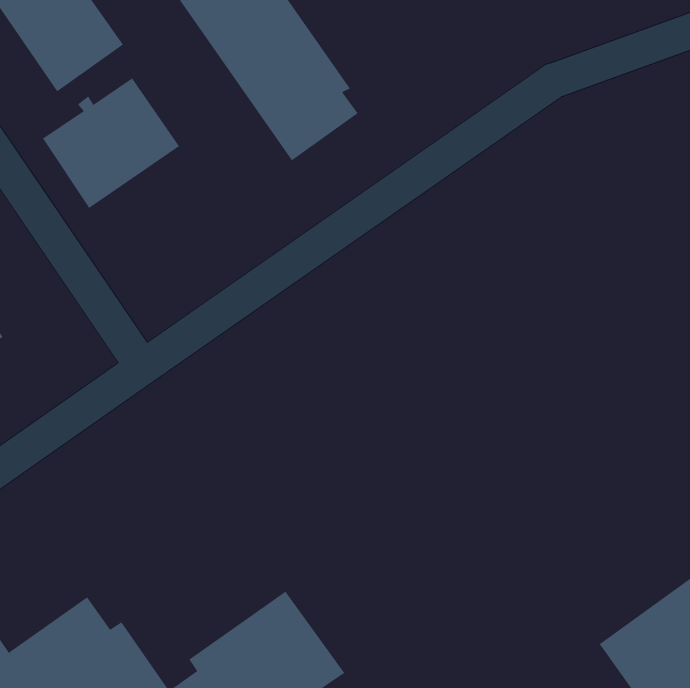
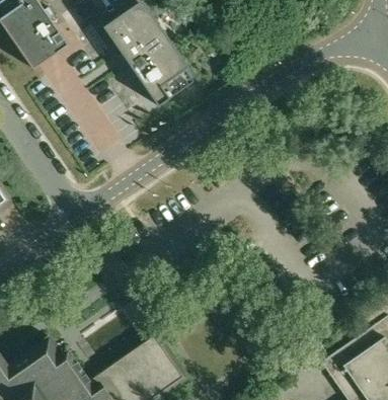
building: [42,77,180,209] -> none

